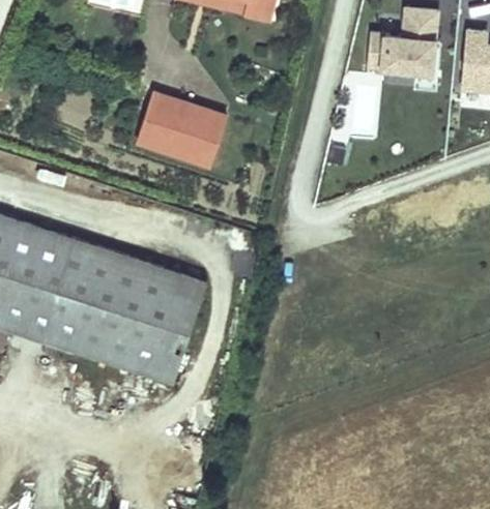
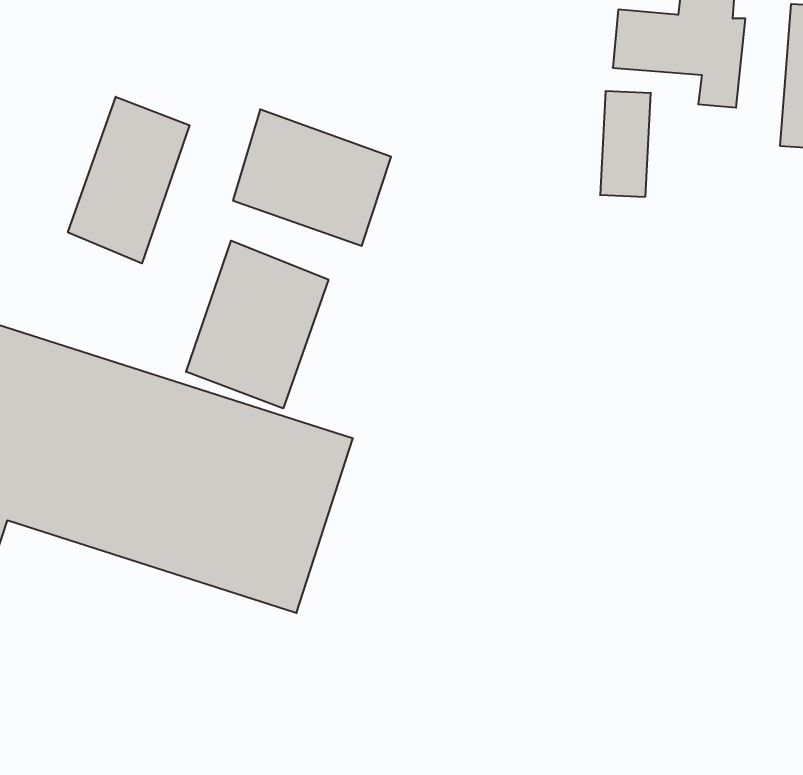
building: none -> [68,97,190,263]
building: none -> [186,241,328,408]

